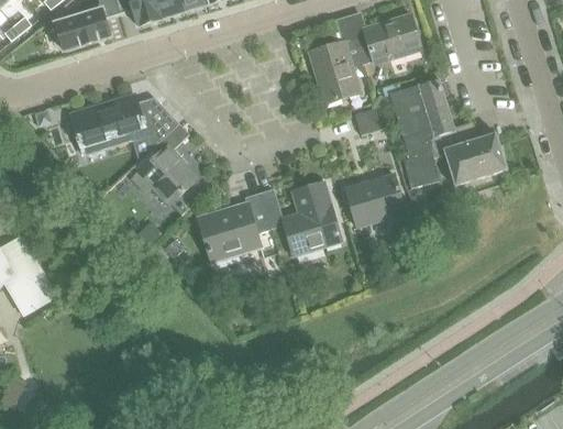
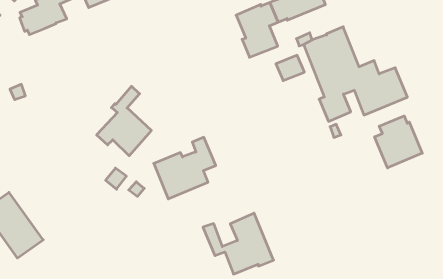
building: [60,94,179,154] -> none
building: [344,173,404,226] -> none
building: [260,182,340,252] -> [203,213,274,274]
building: none -> [375,116,422,168]

